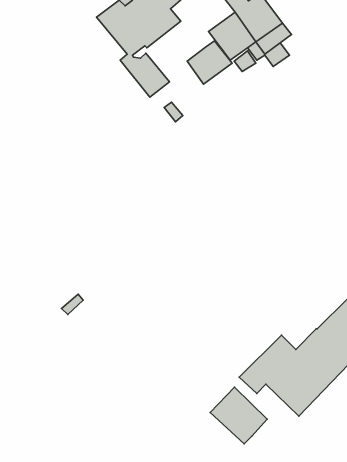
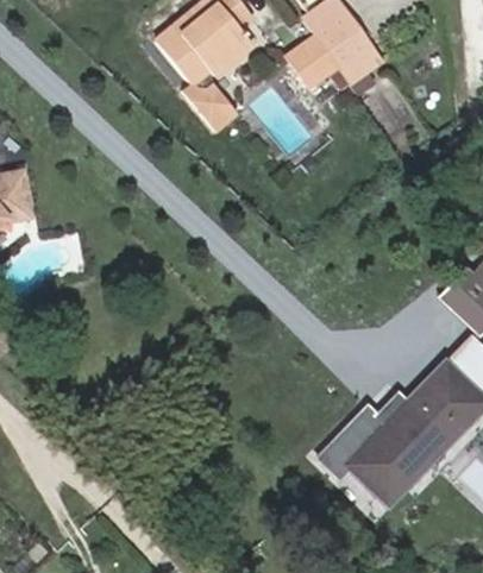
building: [187,41,232,84] -> none
building: [210,387,267,444] -> none

